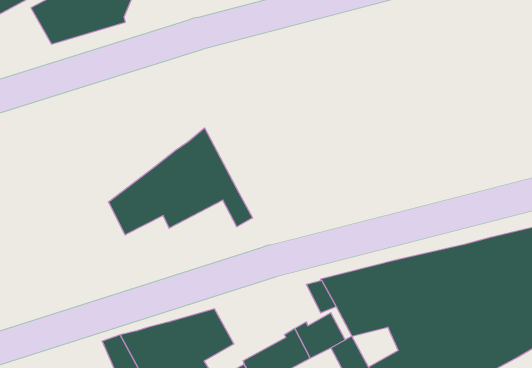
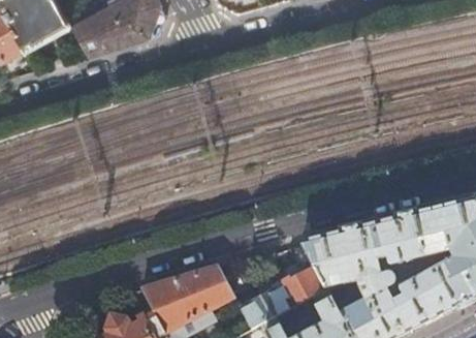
building: [108,128,253,235] -> none

